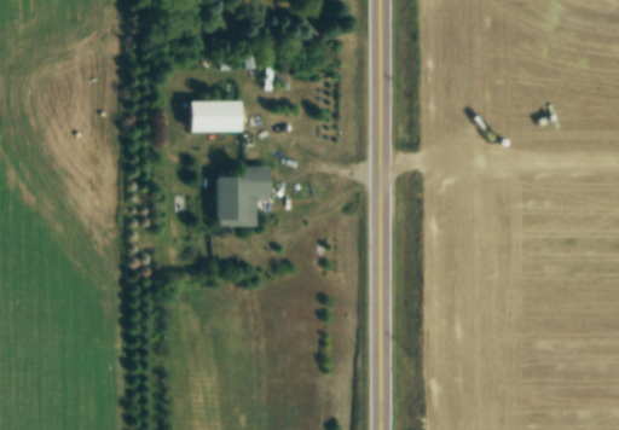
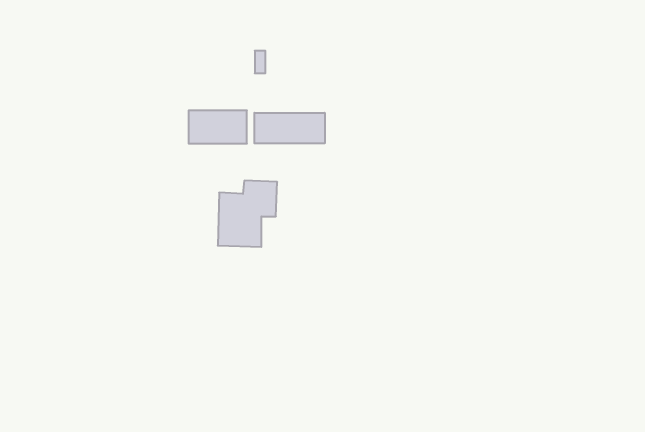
building: none -> [254,113,325,143]

